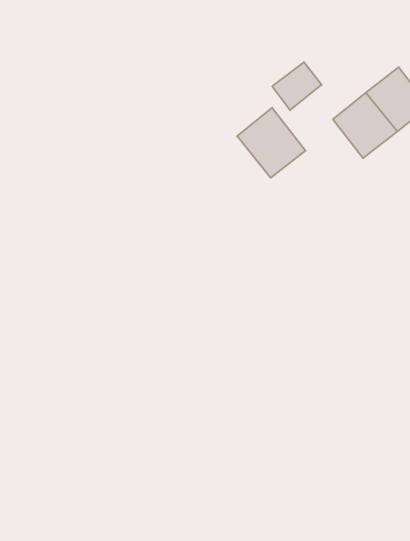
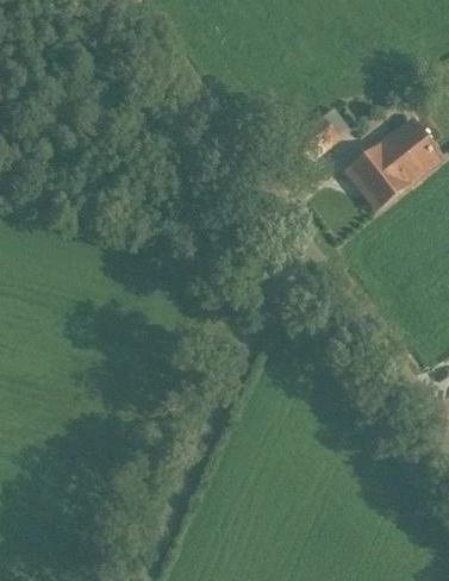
building: [237,108,306,178] -> none

